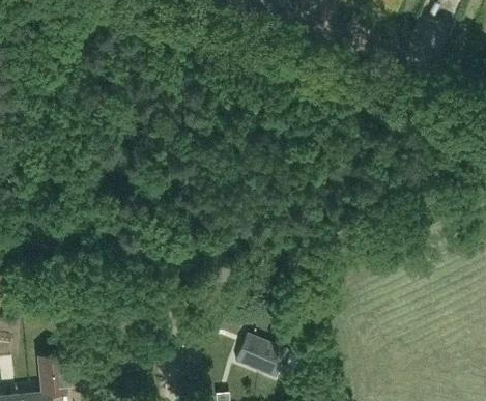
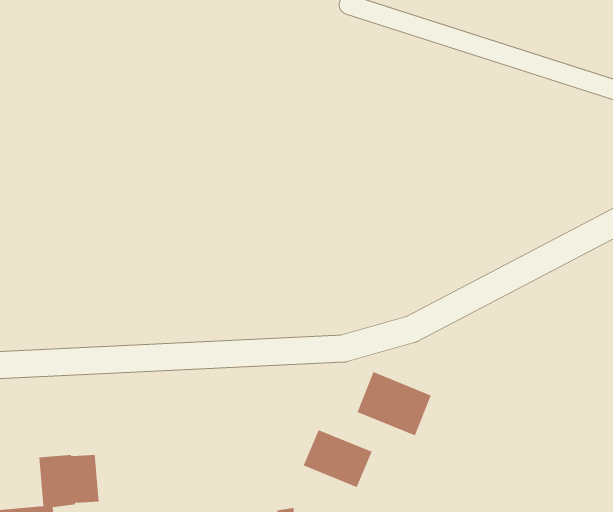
building: none -> [357,371,432,436]

